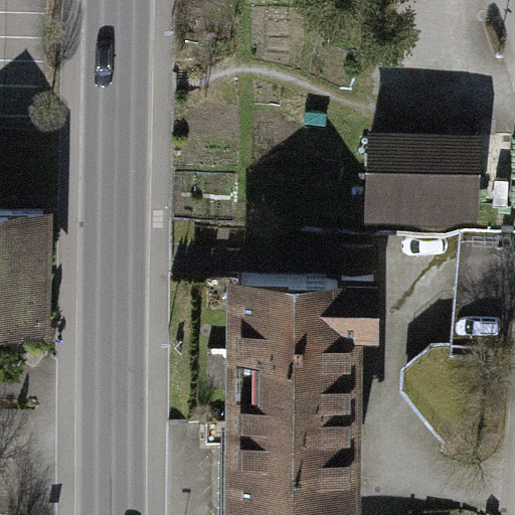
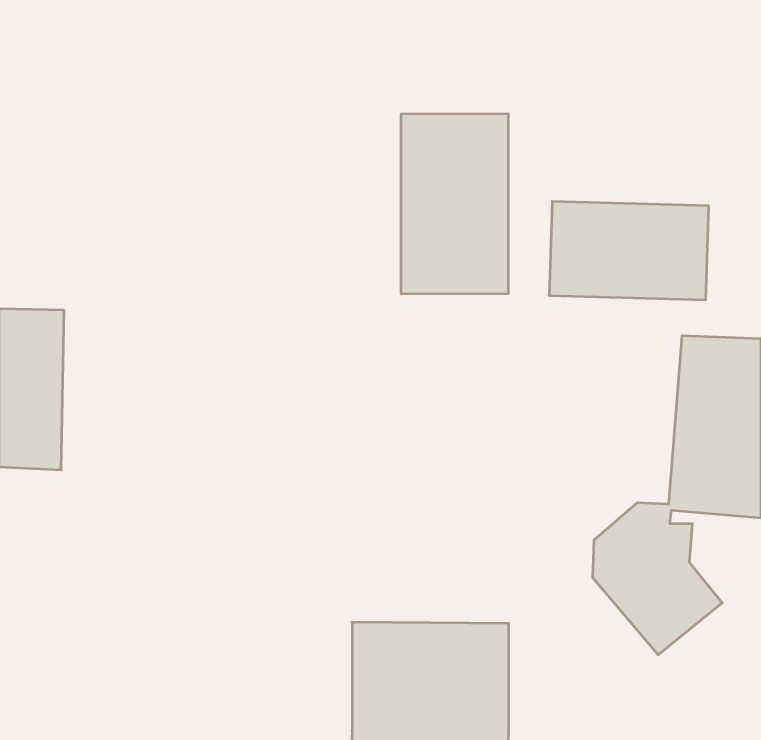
building: none -> [401,114,508,294]
building: [237,253,373,436] -> none

